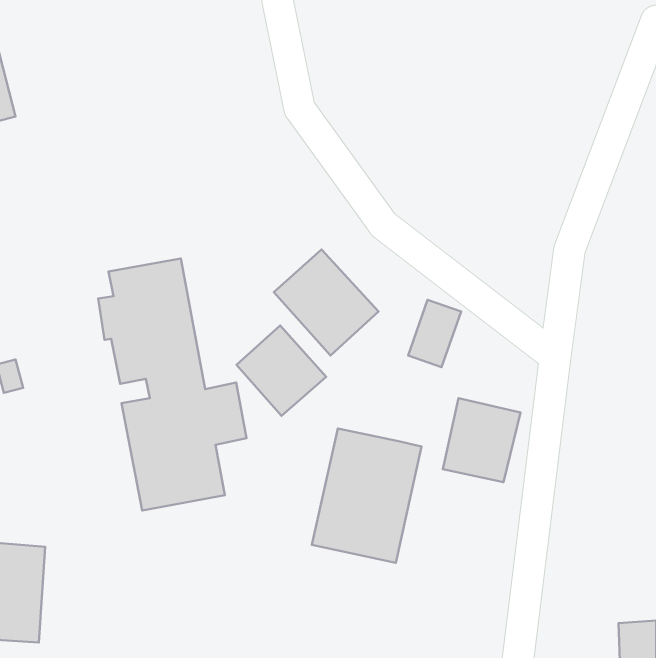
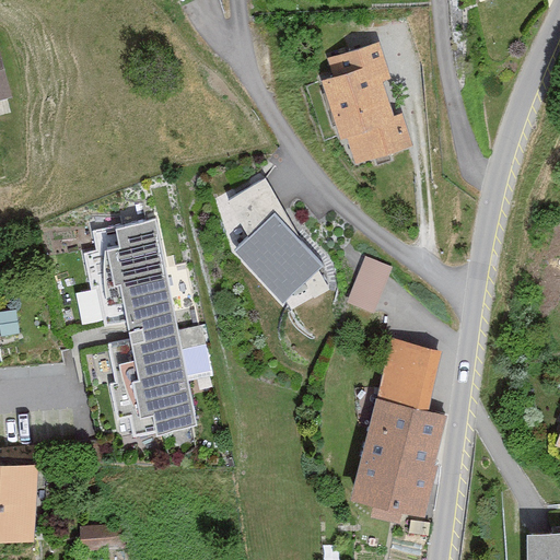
building: none -> [325,43,416,170]
building: [237,325,326,416] -> none
building: [312,428,422,563] -> [353,399,446,513]

